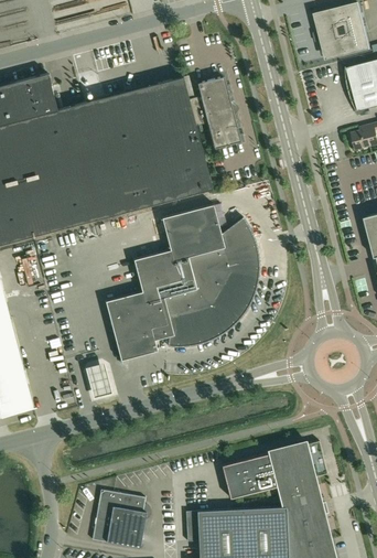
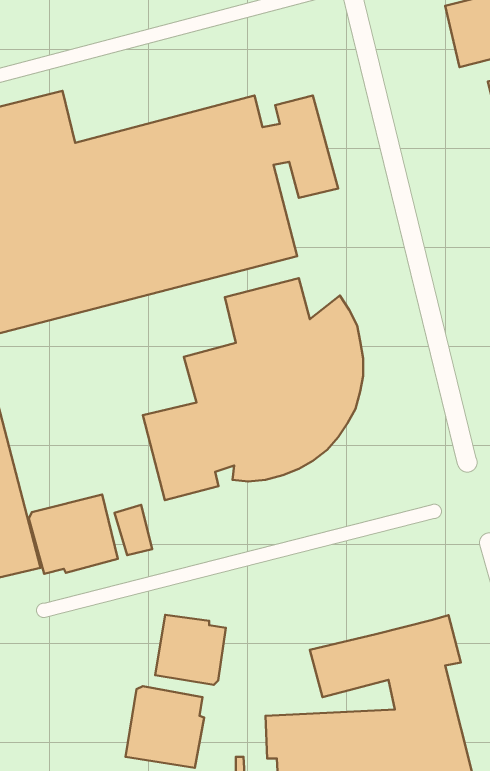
building: none -> [29,495,118,574]
building: none -> [155,615,226,685]

